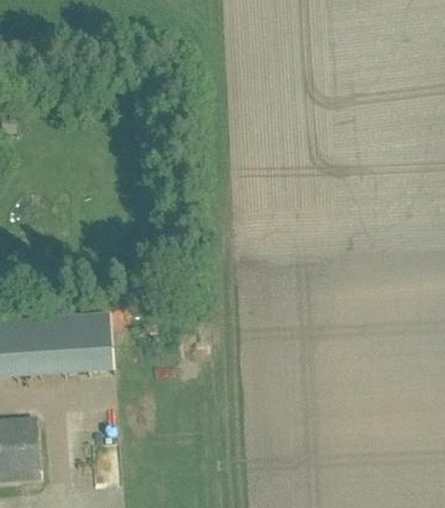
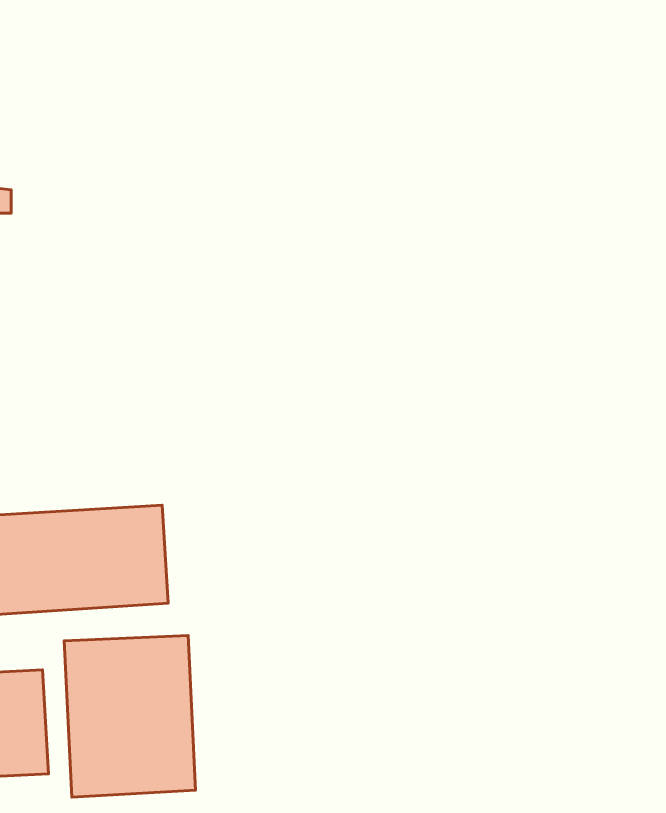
building: none -> [64,635,196,797]

